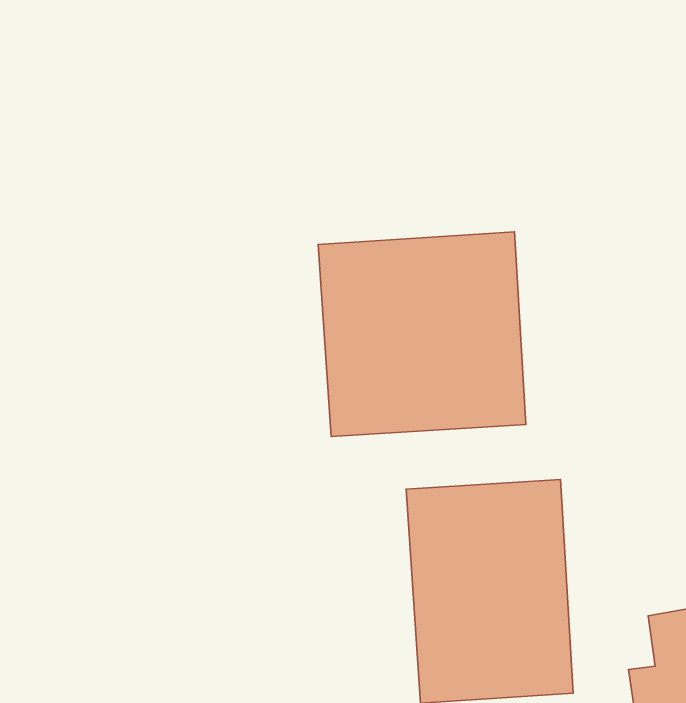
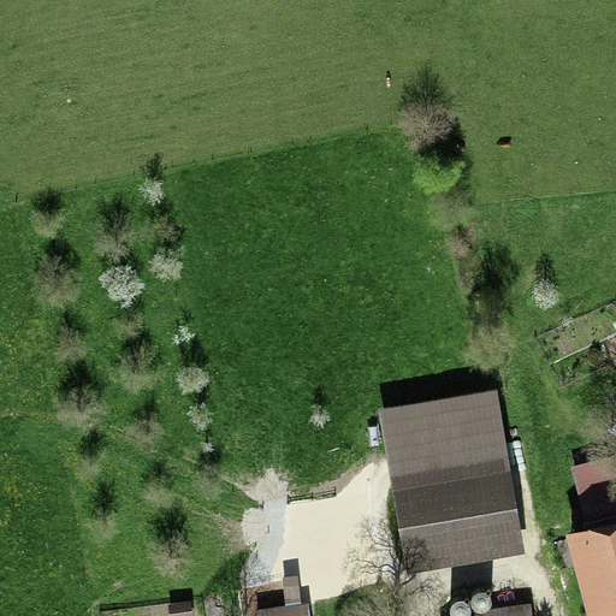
building: [318,232,526,437] -> none

